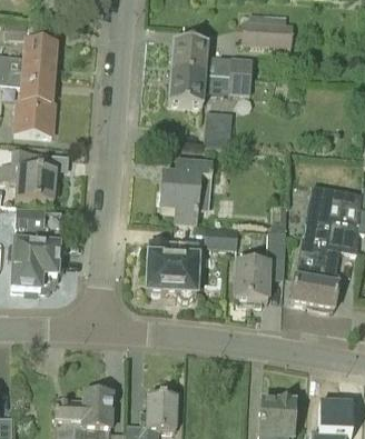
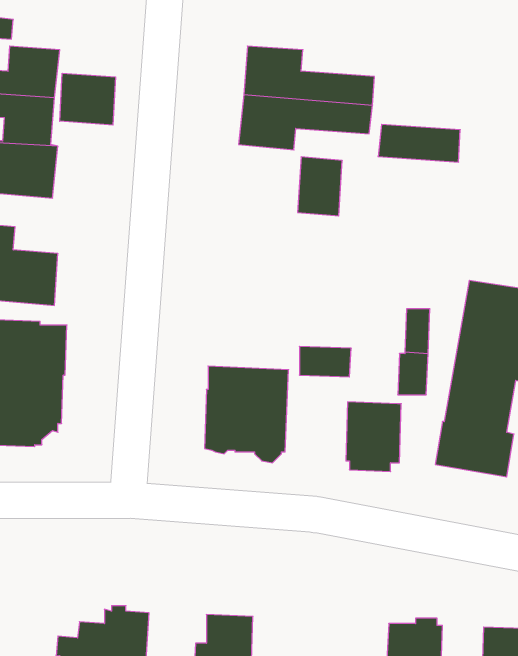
building: [241,20,293,43] -> [378,124,460,162]
building: none -> [60,73,115,125]
building: [160,158,214,223] -> none

